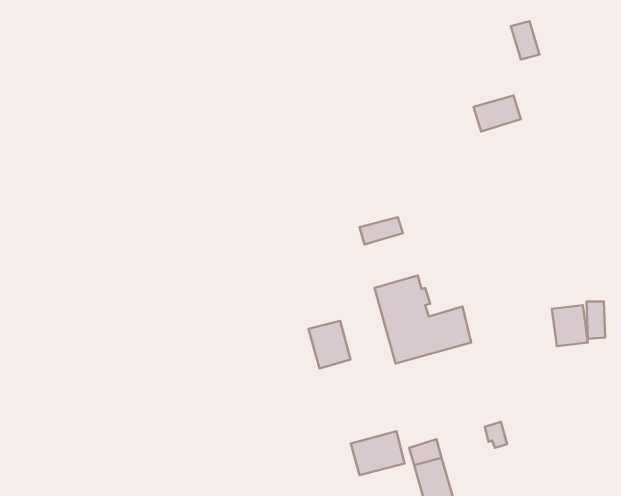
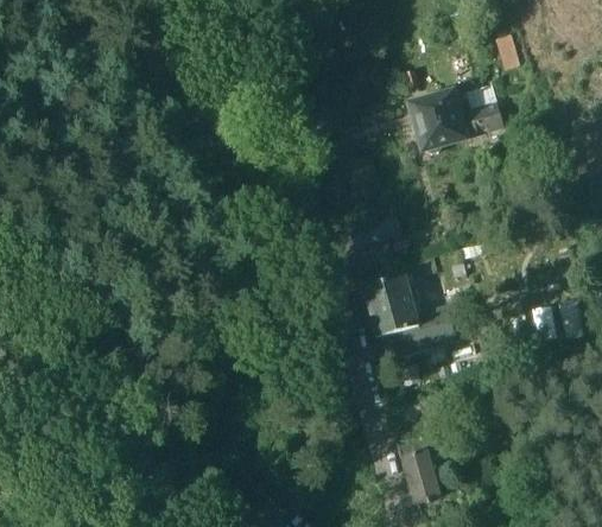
building: none -> [408,91,464,153]
building: [308,321,350,368] -> none
building: [351,431,404,475] -> none

